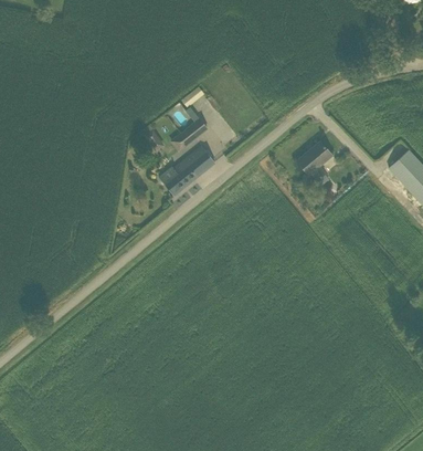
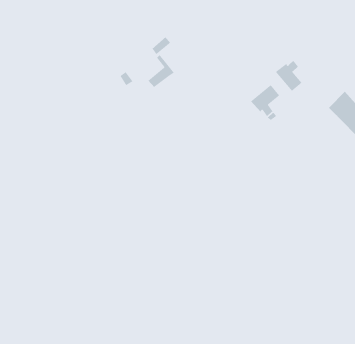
building: none -> [275,60,303,92]
building: [158,145,214,195] -> none

